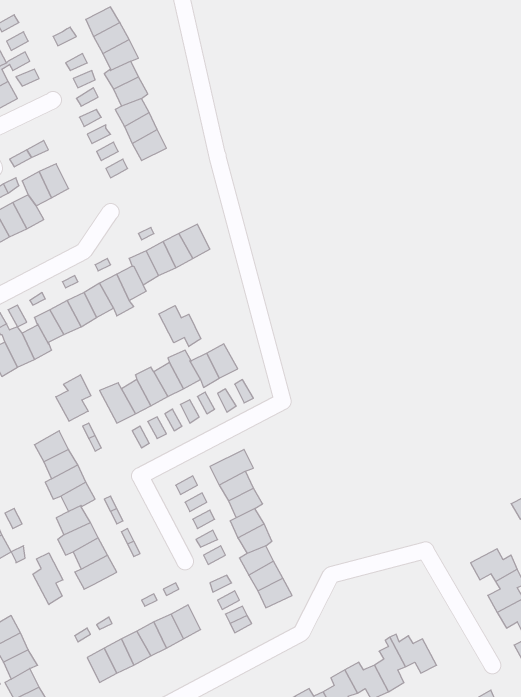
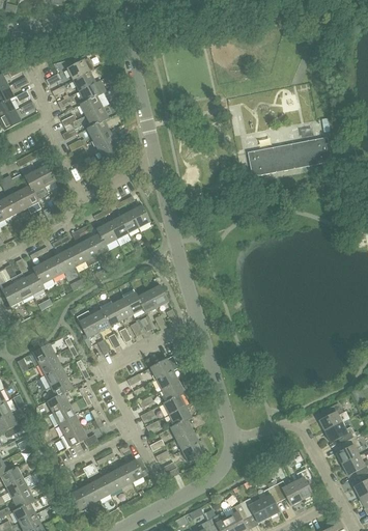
building: none -> [247,136,331,176]
building: [159,306,201,347] -> none
building: [56,375,91,421] -> none
building: none -> [318,402,343,430]
building: [33,553,63,605] -> none
building: none -> [291,467,314,499]

